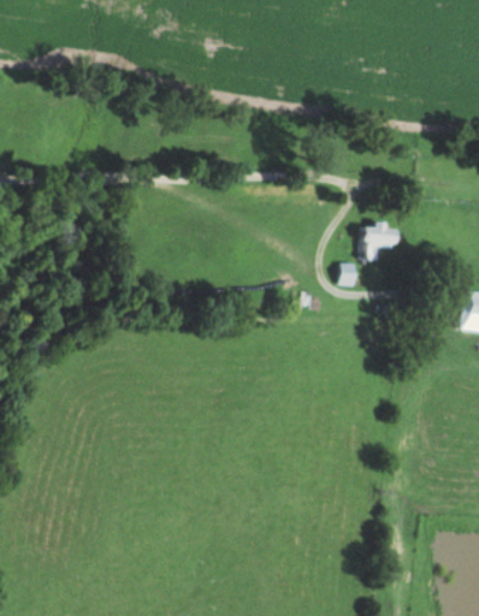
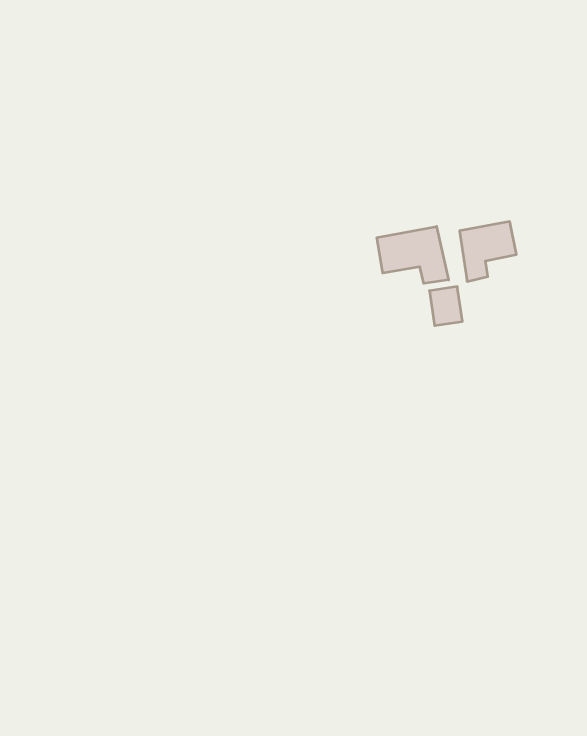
building: none -> [377,226,449,283]

